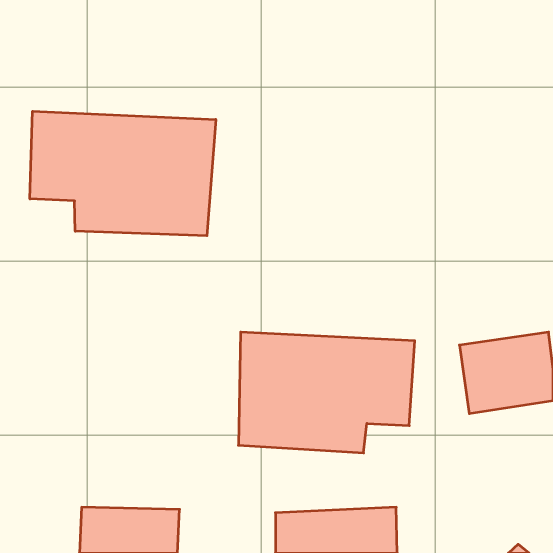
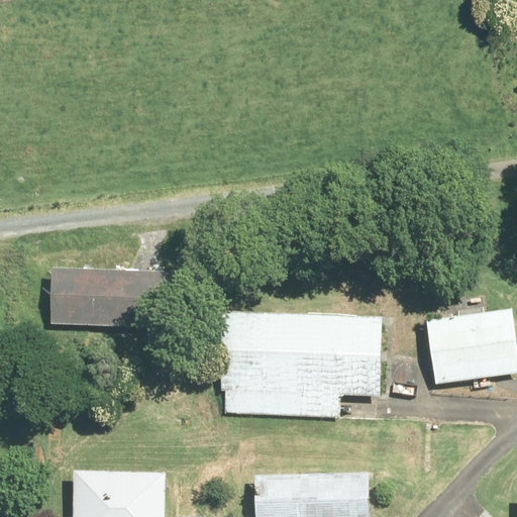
building: [30,111,216,236] -> none
building: none -> [49,269,167,329]

